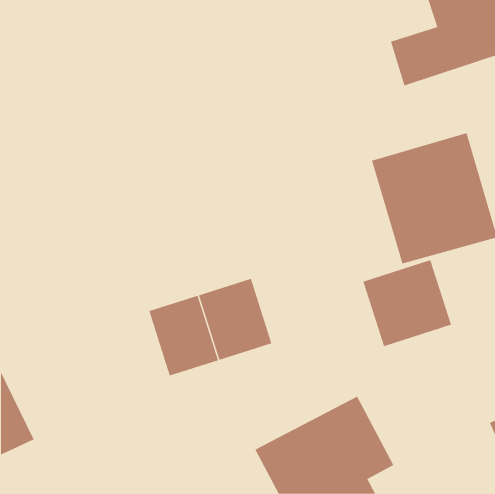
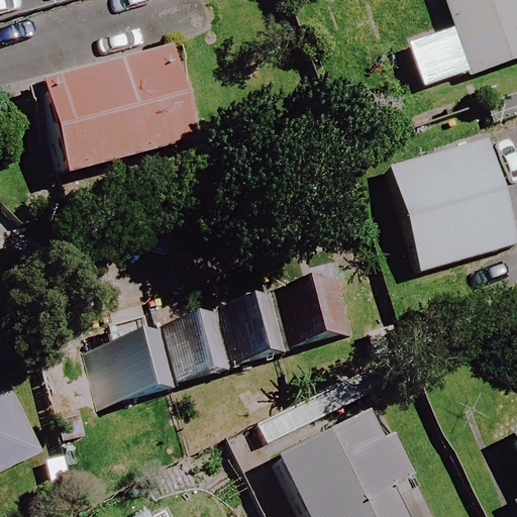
building: none -> [41,49,198,177]
building: [363,260,452,347] -> [268,262,358,350]
building: none -> [100,317,184,404]

